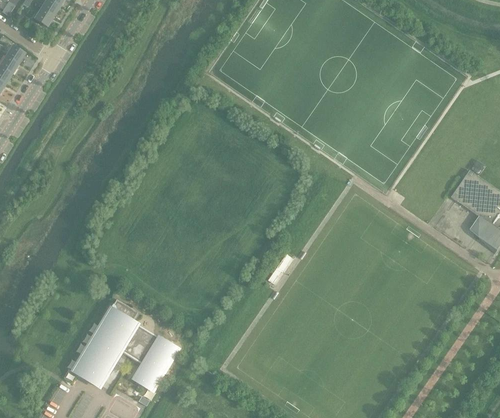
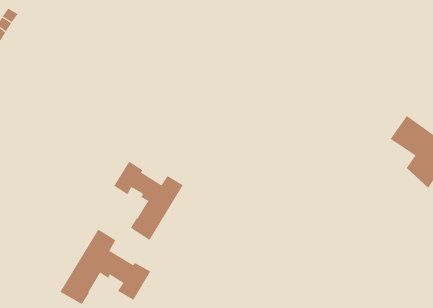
building: none -> [113,161,184,241]

